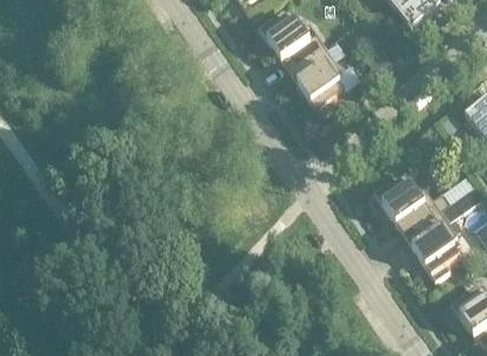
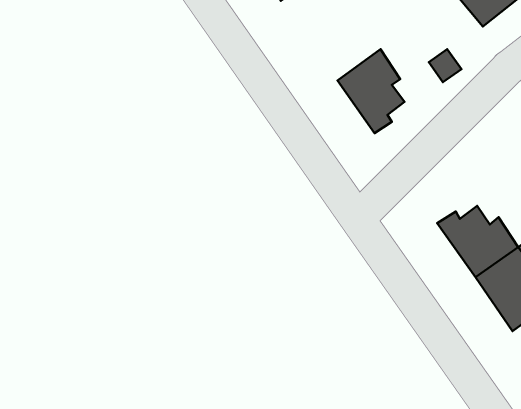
building: [257,12,325,71] -> none

